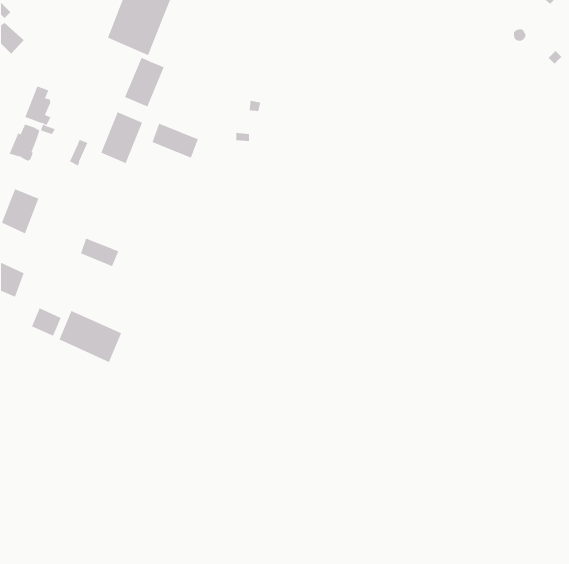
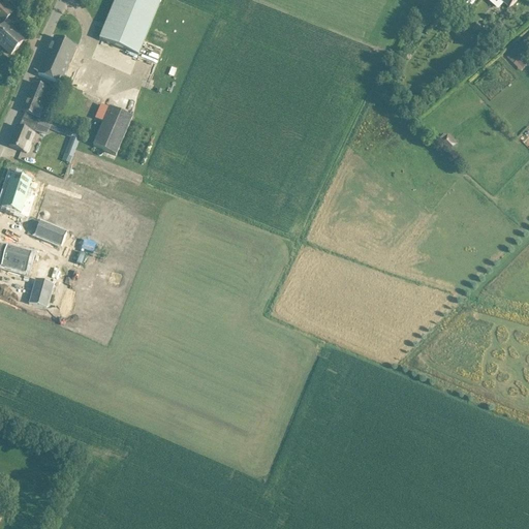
building: [124,57,164,107] -> [39,33,76,80]
building: [152,123,198,158] -> none
building: [80,238,119,267] -> [30,217,66,244]
building: [59,310,122,363] -> none

